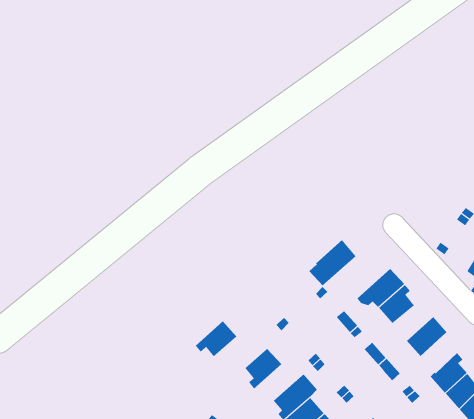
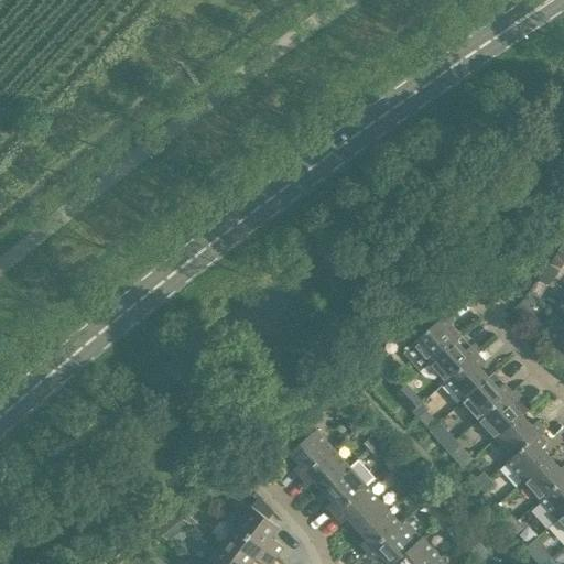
building: [308,239,356,286] -> [404,317,460,372]
building: none -> [463,373,511,422]
building: [195,320,237,357] -> [301,449,350,492]
building: none -> [496,416,545,459]

